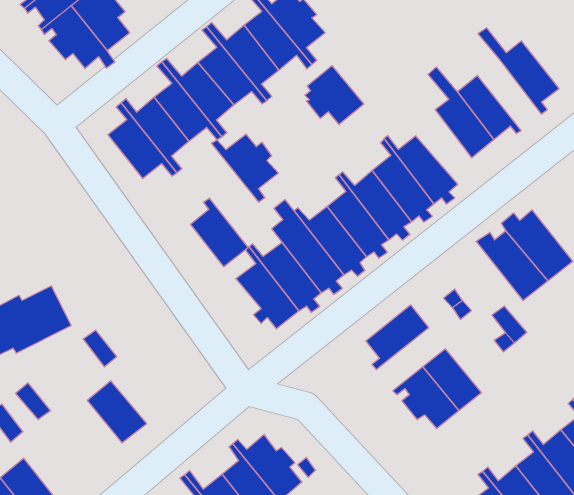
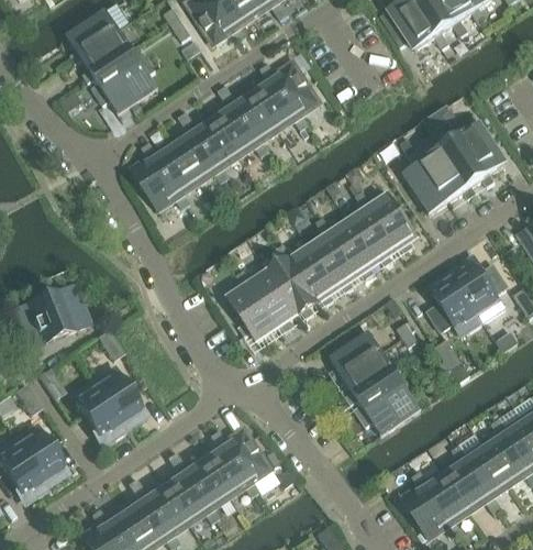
building: none -> [441,135,490,196]
building: [305,66,364,125] -> none
building: [211,134,278,202] -> none
building: [191,198,248,267] -> none
building: none -> [336,351,395,400]
building: none -> [75,386,126,439]

